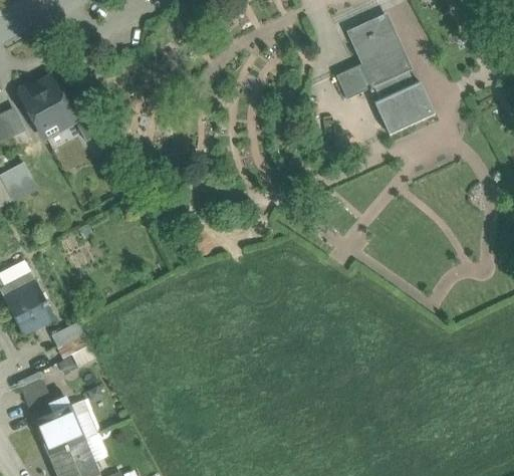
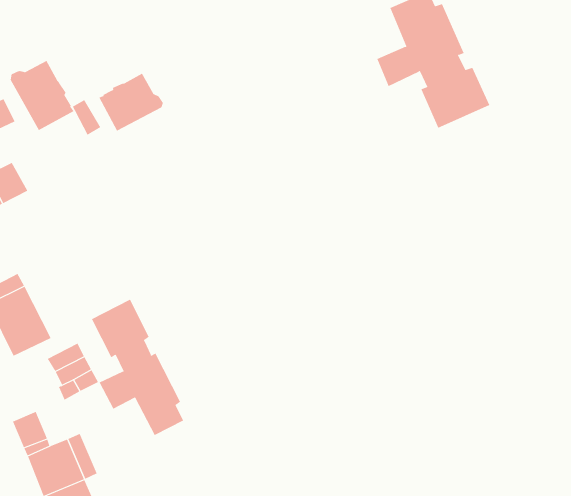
building: none -> [98,73,163,131]
building: none -> [91,299,184,436]

